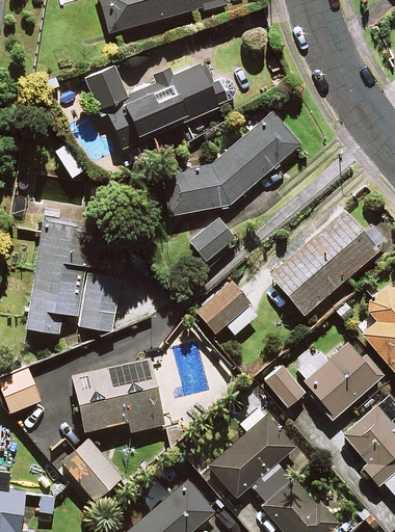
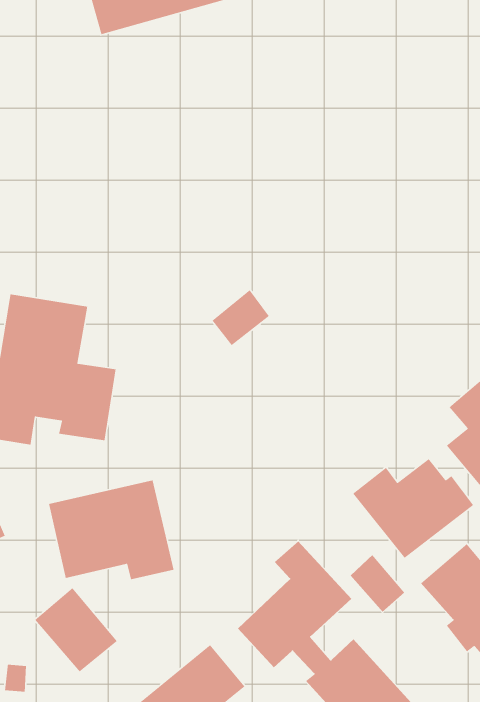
building: [85,62,228,143] -> none
building: [161,115,300,214] -> none
building: [268,210,378,315] -> none
building: [195,282,258,334] -> none
building: [264,364,305,406] -> [350,554,405,612]

